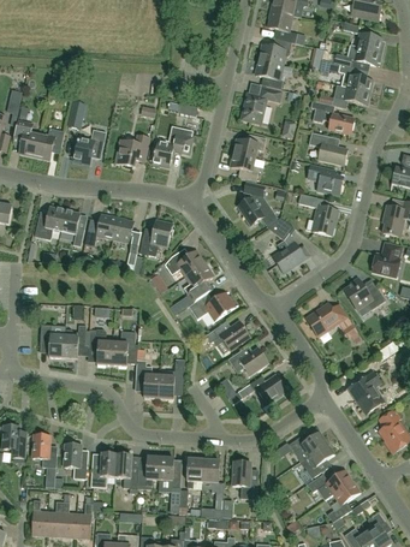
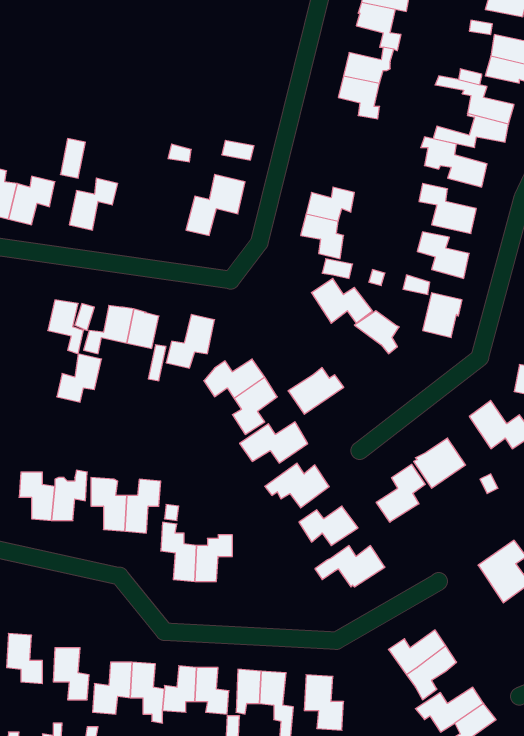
building: [242,87,281,123] -> none
building: [115,133,149,166] -> none
building: [35,206,65,238] -> [57,354,102,402]
building: [272,240,309,272] -> [288,368,344,414]
building: none -> [376,464,425,522]

